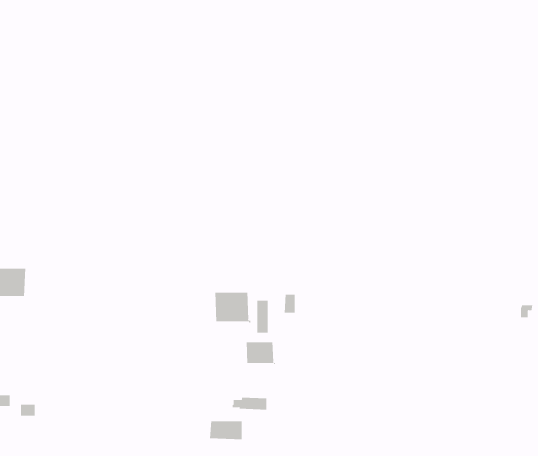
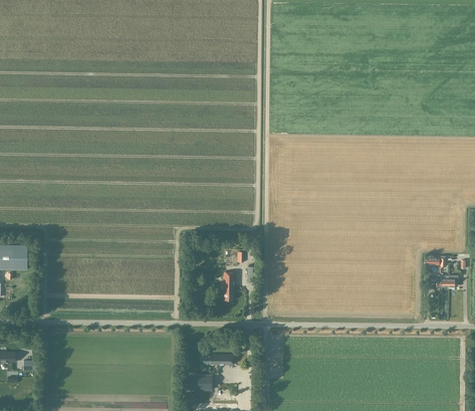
building: [215,292,251,323] -> none
building: [246,341,276,365] -> none

